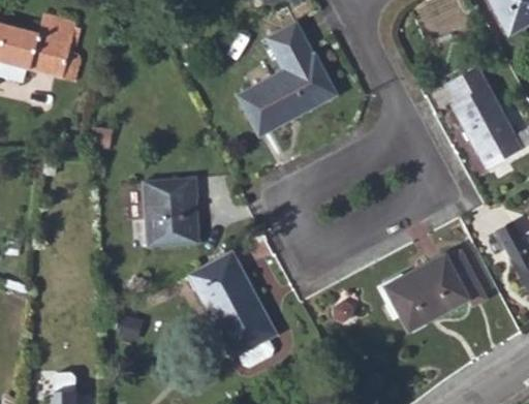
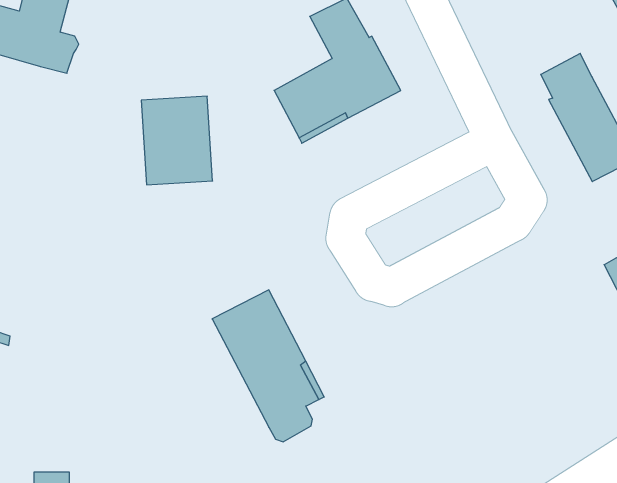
building: [144,178,199,247] -> [141,96,213,185]
building: [383,249,490,332] -> none

